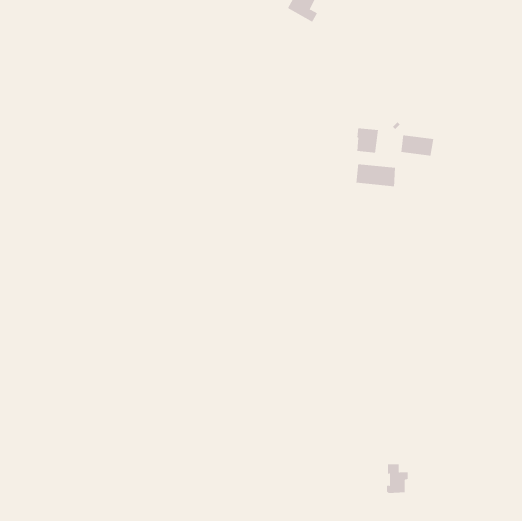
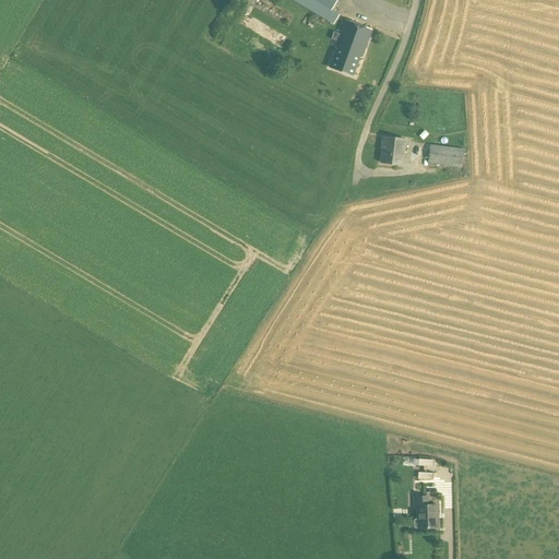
building: none -> [330,20,371,75]
building: [356,164,395,187] -> none

